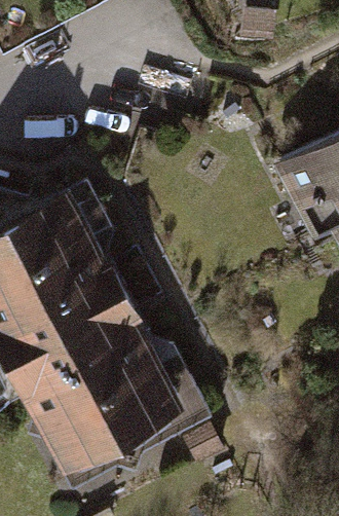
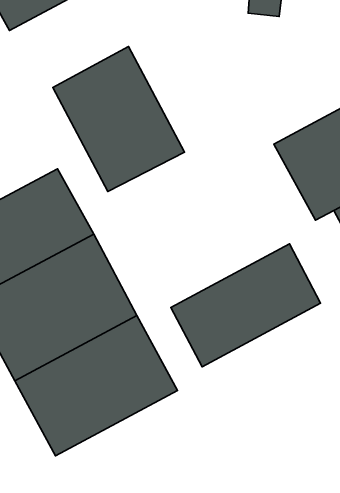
building: none -> [53,46,185,191]
building: none -> [171,244,321,367]

